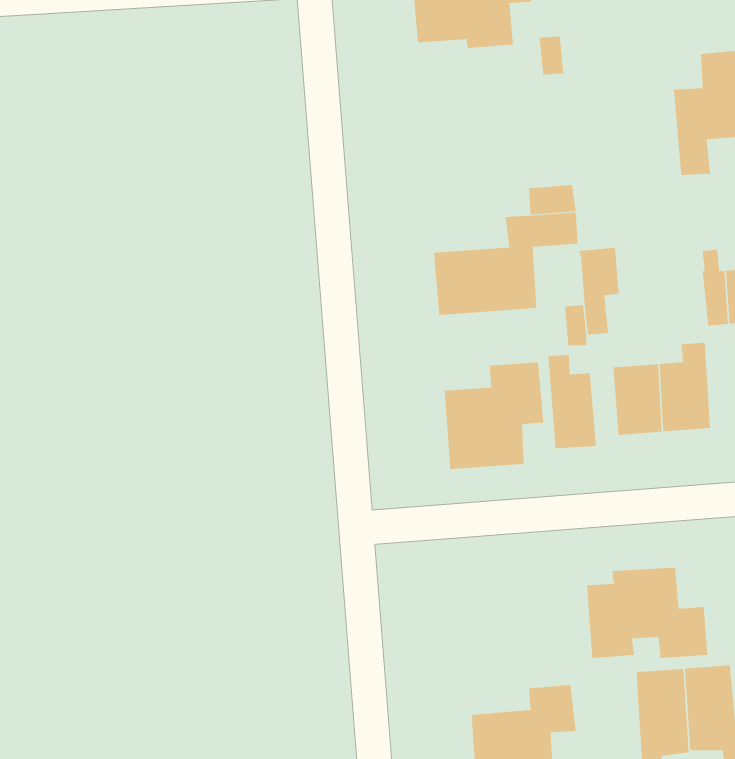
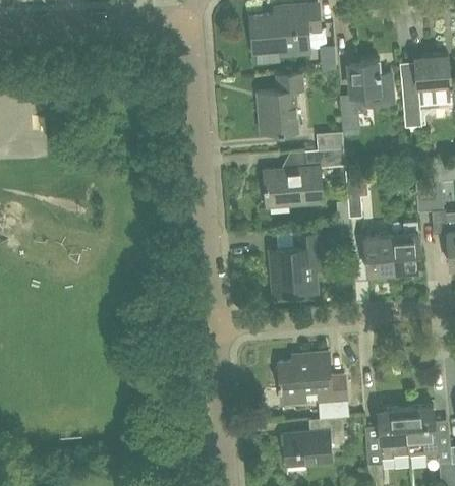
building: none -> [339,62,388,131]
building: none -> [257,74,302,134]
building: [548,354,596,449] -> none
building: [586,567,708,659] -> [277,353,346,405]

